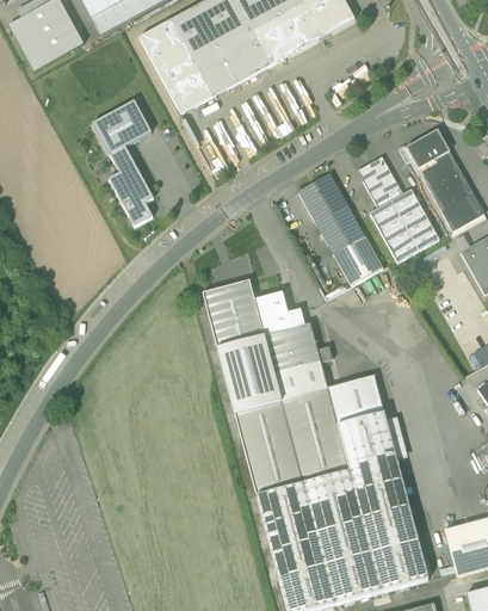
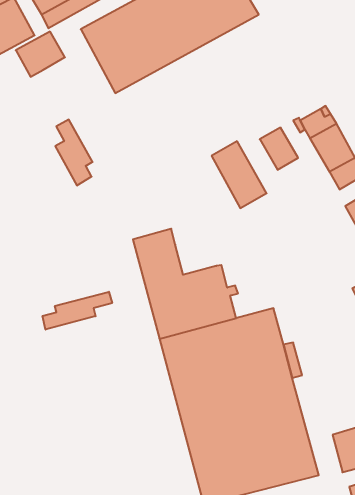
building: [92,99,152,154] -> [16,32,65,77]
building: [370,187,439,261] -> none
building: [333,235,383,285] -> none
building: [254,290,304,334] -> none
building: none -> [43,292,112,330]

